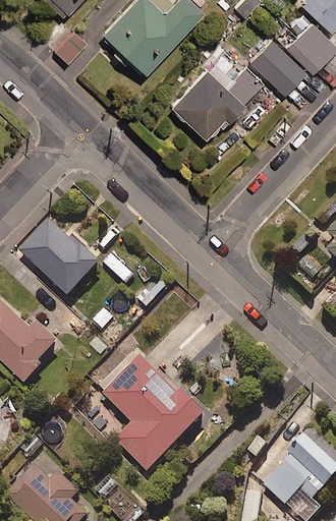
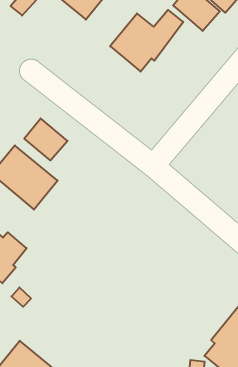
building: none -> [24,118,68,160]
building: [98,350,205,471] -> none

